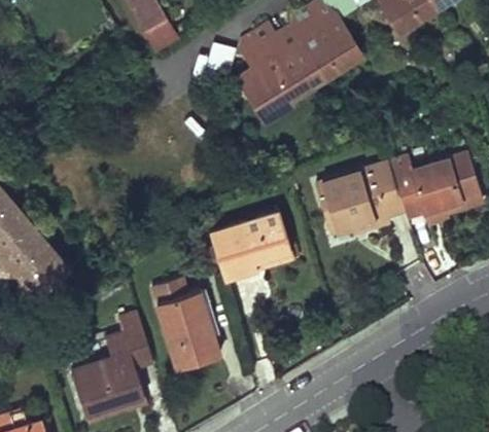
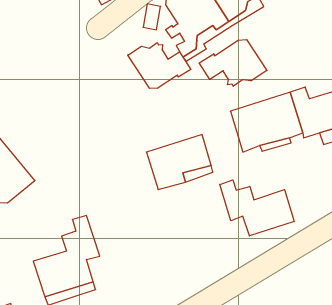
building: none -> [199,40,267,86]
building: none -> [128,43,191,88]
building: none -> [220,180,294,236]
building: [153,281,221,369] -> none

